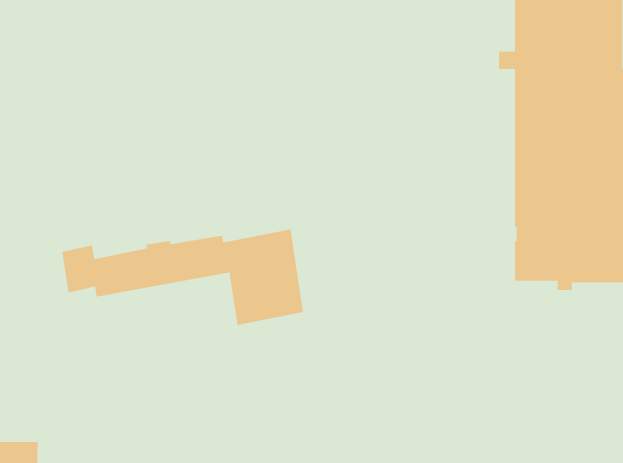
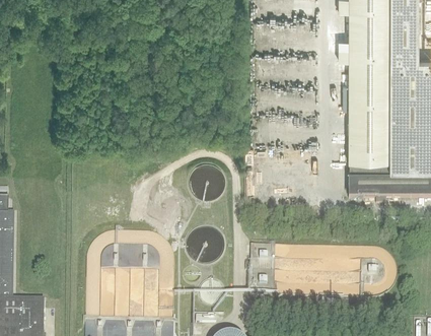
building: [62,229,304,326] -> none

